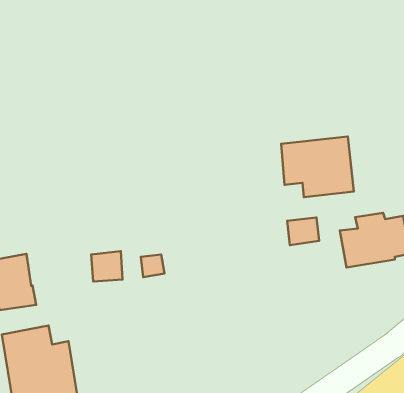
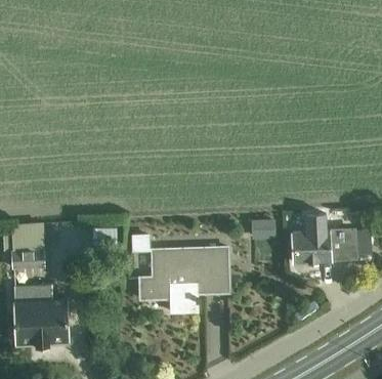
building: [281,137,354,197] -> none
building: none -> [138,248,227,310]

